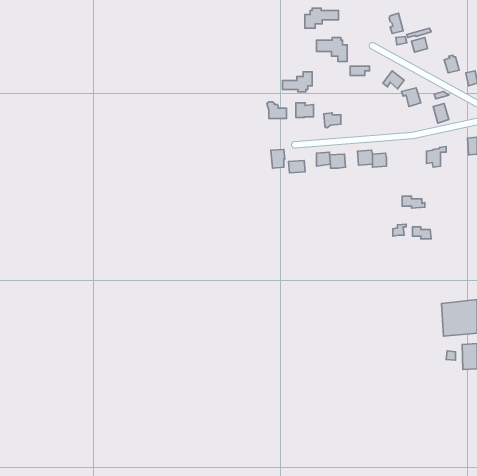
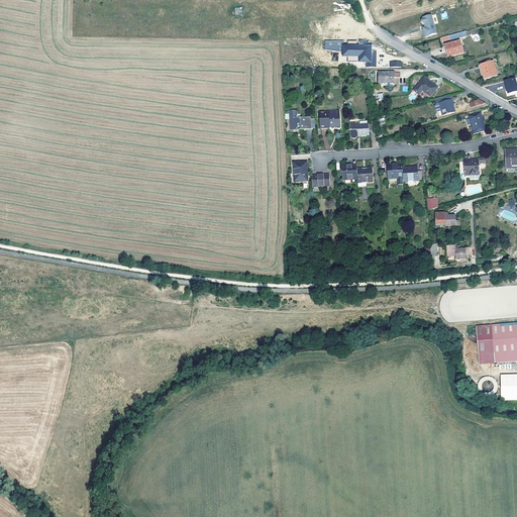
building: [305,8,338,28] -> none
building: [282,72,312,92] -> none

